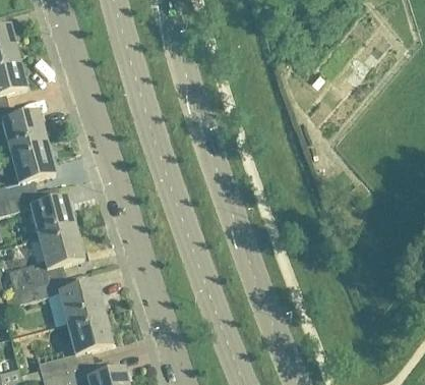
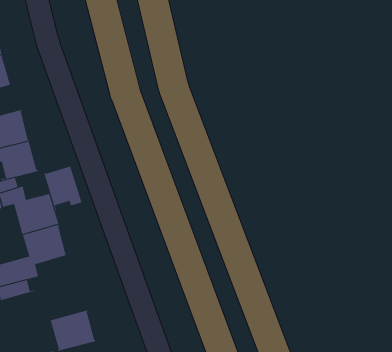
building: none -> [44,165,82,212]
building: [56,282,103,324] -> none

